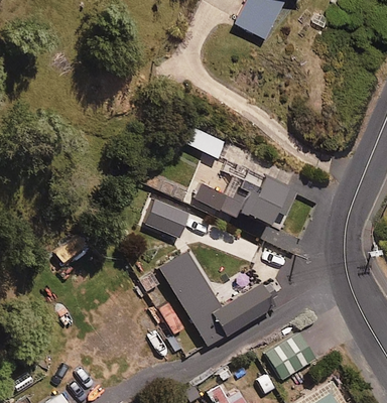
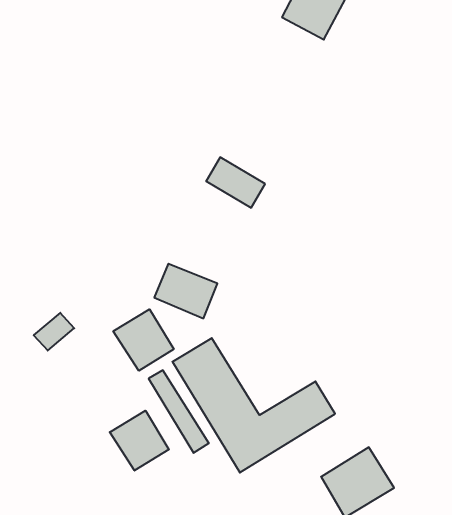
building: [195,177,299,232] -> none
building: none -> [113,309,174,371]
building: none -> [110,411,169,471]

